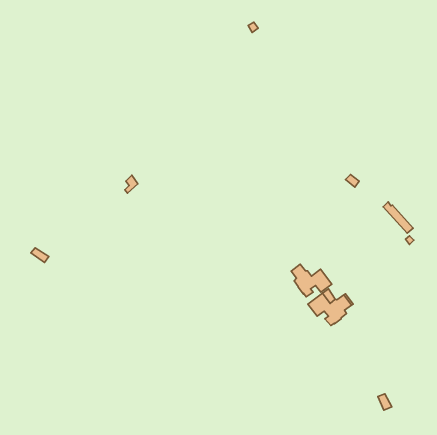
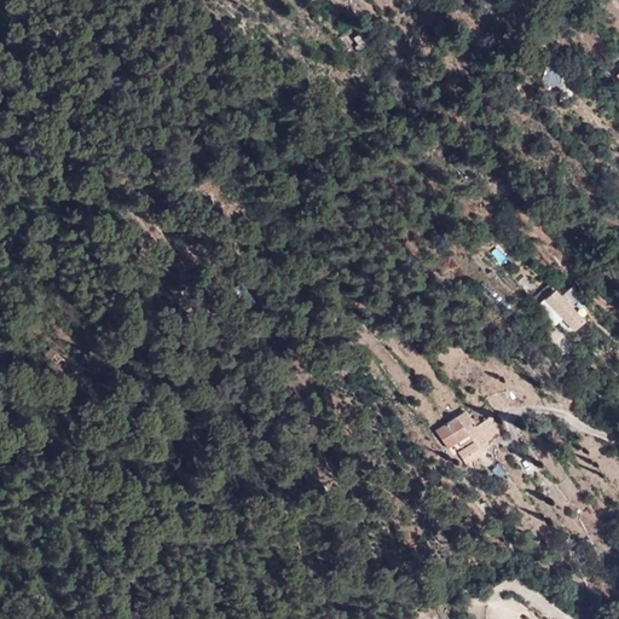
building: [291,264,332,297] -> none

